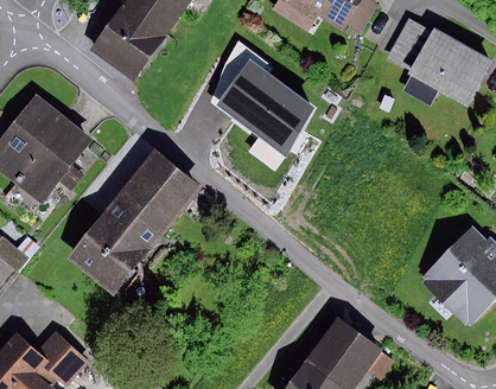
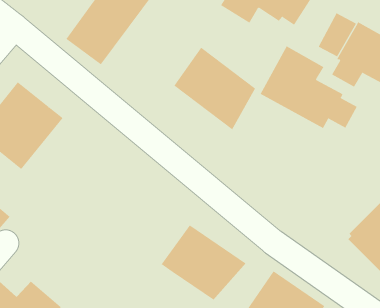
building: [210,38,269,104] -> none
building: none -> [260,46,358,129]
building: [69,155,201,299] -> none
building: none -> [161,224,246,300]

